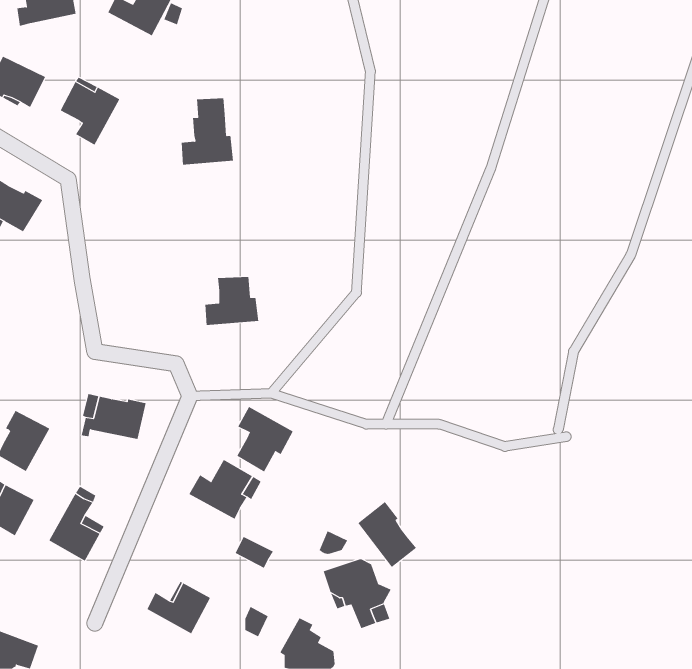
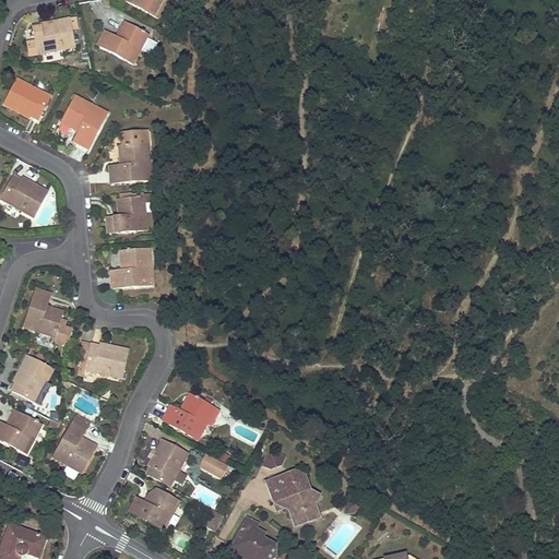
building: [181,98,234,165] -> [109,129,151,181]
building: none -> [106,195,147,231]
building: [205,276,259,325] -> [110,248,153,286]
building: none -> [23,288,74,344]
building: [236,406,294,473] -> none
building: [357,501,417,568] -> none
building: none -> [146,439,188,486]

